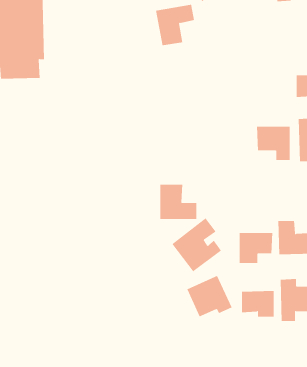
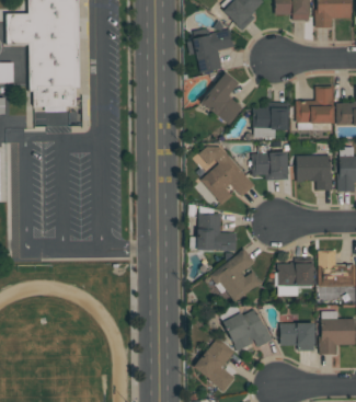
building: none -> [200,73,242,125]
building: none -> [296,88,334,124]
building: none -> [253,103,288,138]
building: none -> [194,141,254,205]
building: none -> [252,152,288,180]
building: none -> [193,338,236,392]

